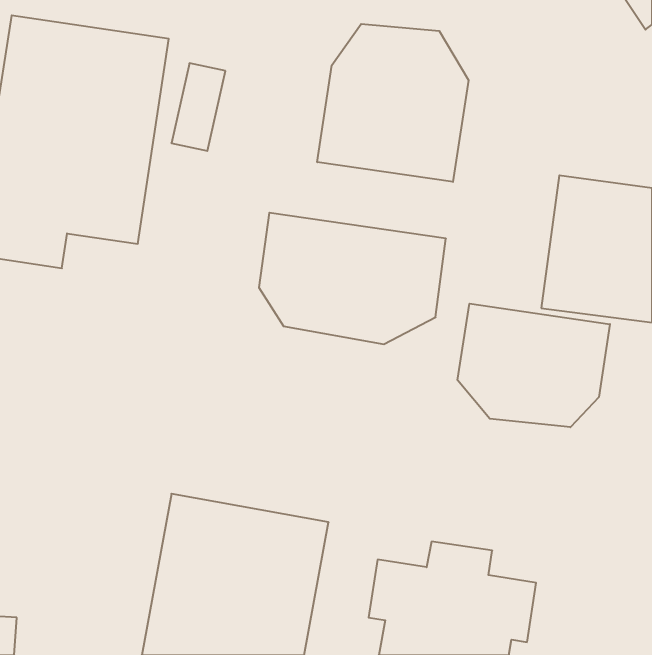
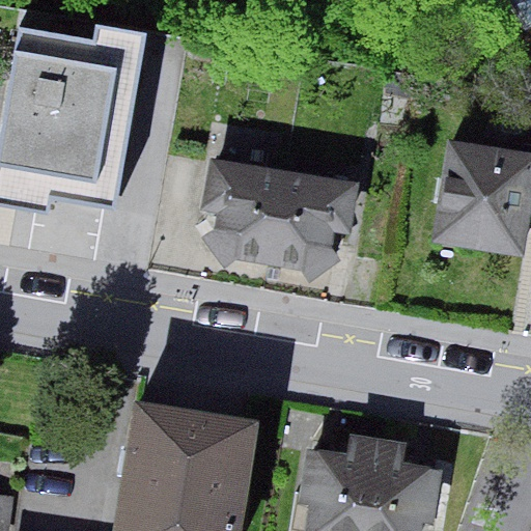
building: [317,24,469,182] -> none
building: [458,304,610,427] -> none

